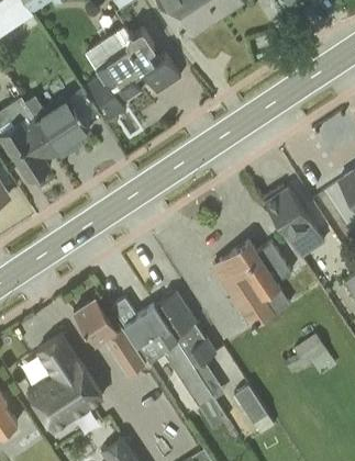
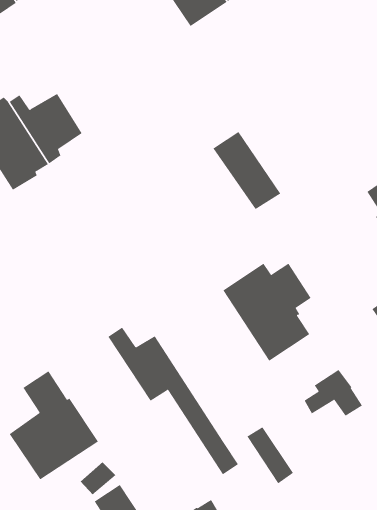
building: [85,24,180,116] -> none
building: [265,188,325,257] -> [212,131,281,210]
building: [154,291,224,400] -> none
building: [74,297,145,376] -> none

